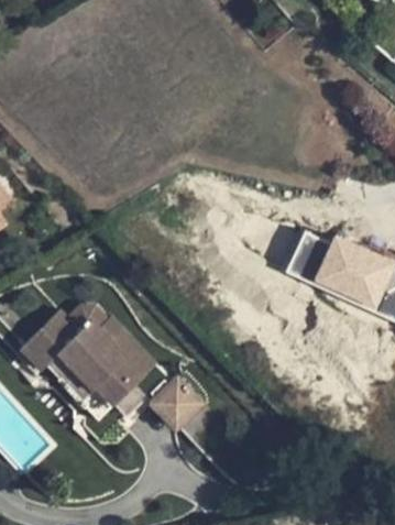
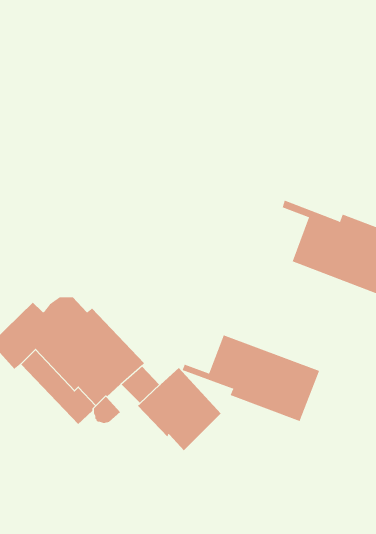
building: none -> [182,334,320,422]

